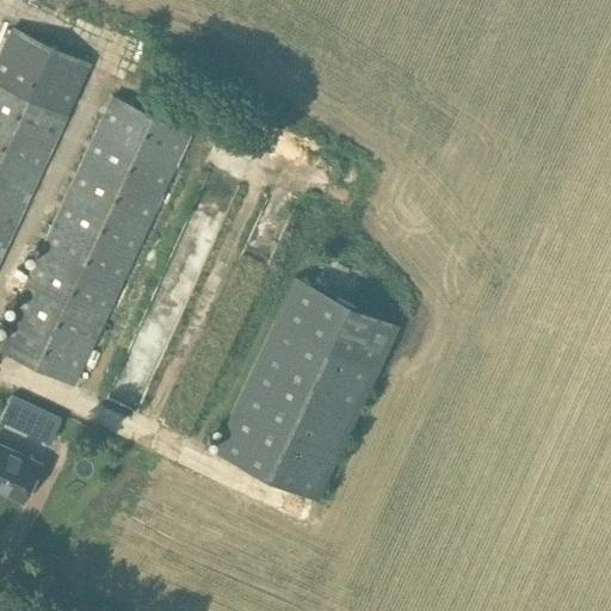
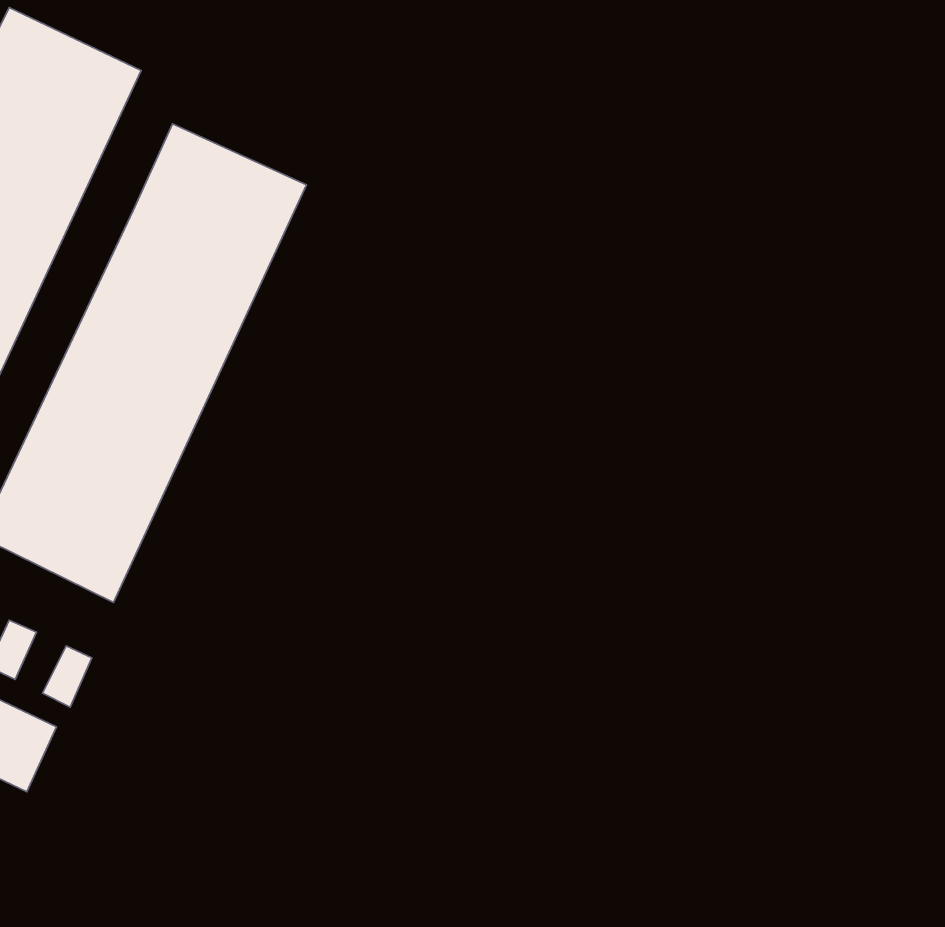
building: [214,279,399,504] -> none

